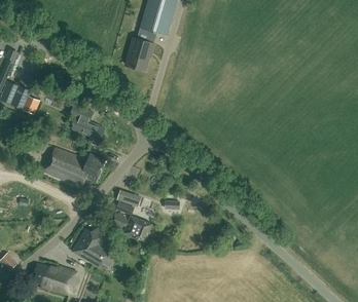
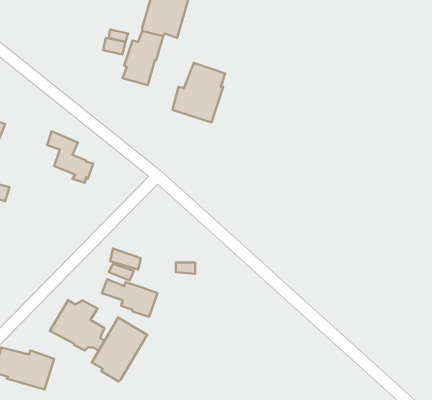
building: none -> [172,63,225,122]
building: [45,147,105,187] -> none
building: none -> [92,318,147,382]

